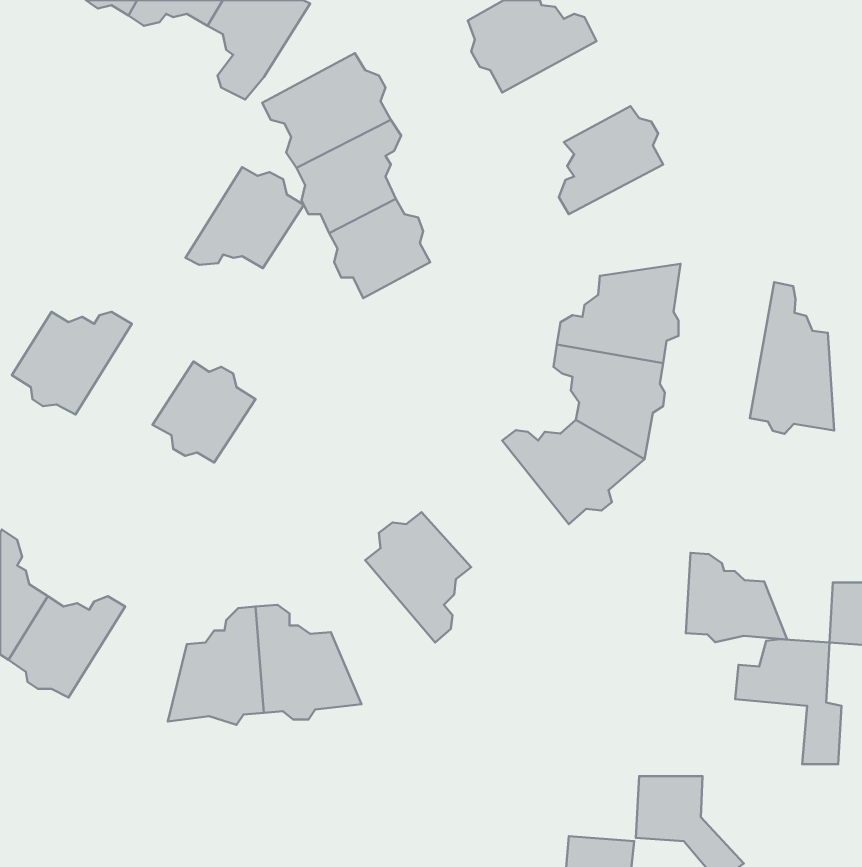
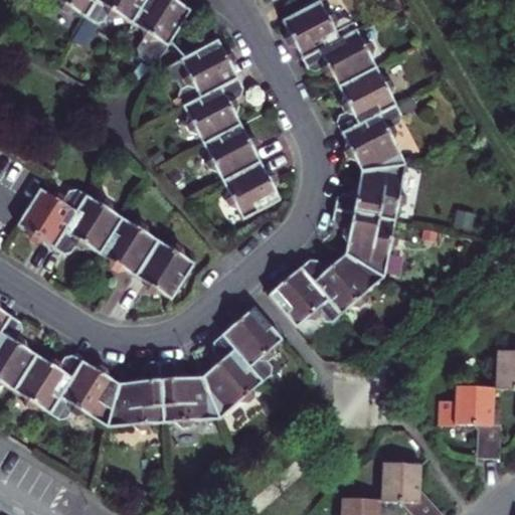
building: none -> [303,29,378,89]
building: none -> [342,102,407,167]
building: [186,167,304,268] -> [52,195,122,254]
building: none -> [221,159,281,217]
building: [750,282,834,434] -> none
building: none -> [134,239,194,300]
building: none -> [269,264,342,327]
building: [686,553,787,642] -> none
building: none -> [202,334,264,418]
building: none -> [48,361,118,428]

